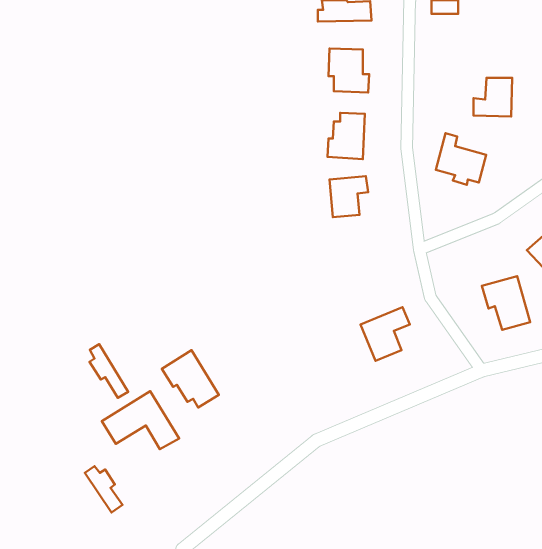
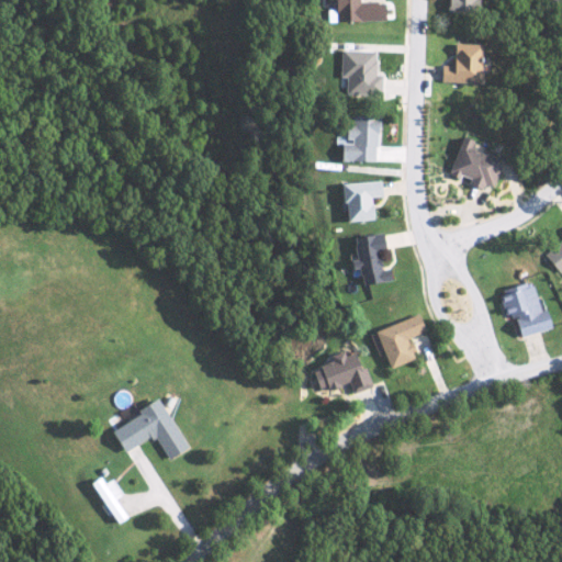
building: [473,78,512,117] -> [442,43,482,82]
building: none -> [352,233,392,285]
building: none -> [311,350,374,393]
building: [90,344,128,398] -> none
building: [162,350,219,407] -> none

